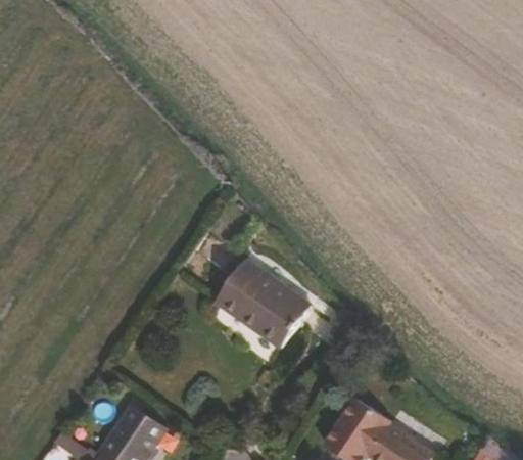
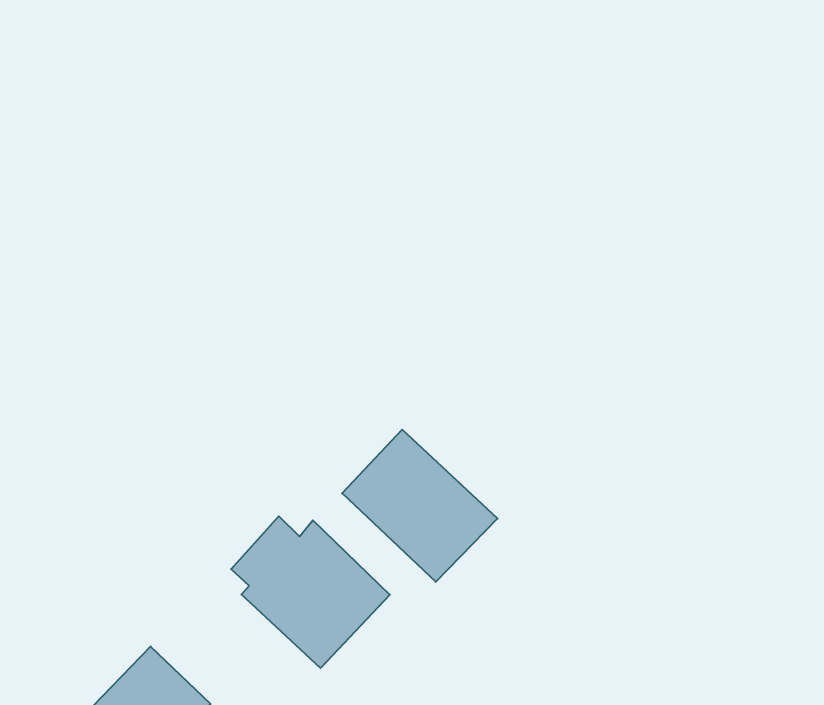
building: none -> [231,516,390,668]

